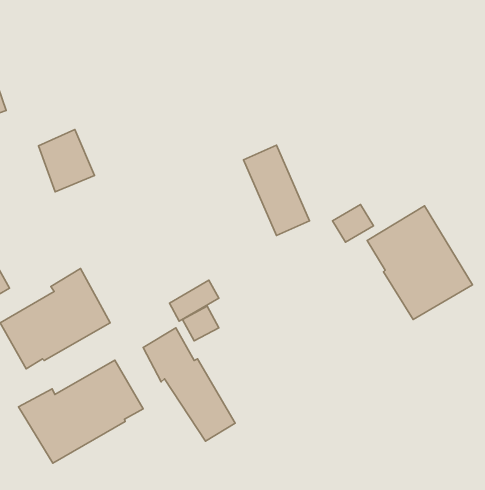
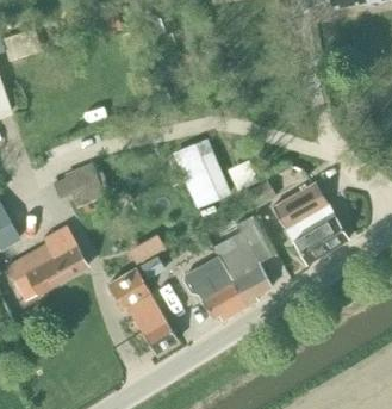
building: [39,129,95,192] -> [66,162,106,207]
building: none -> [183,215,275,318]
building: [19,360,143,463] -> none

